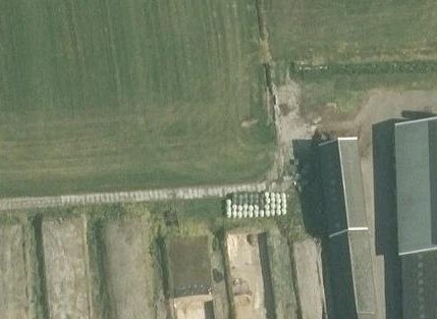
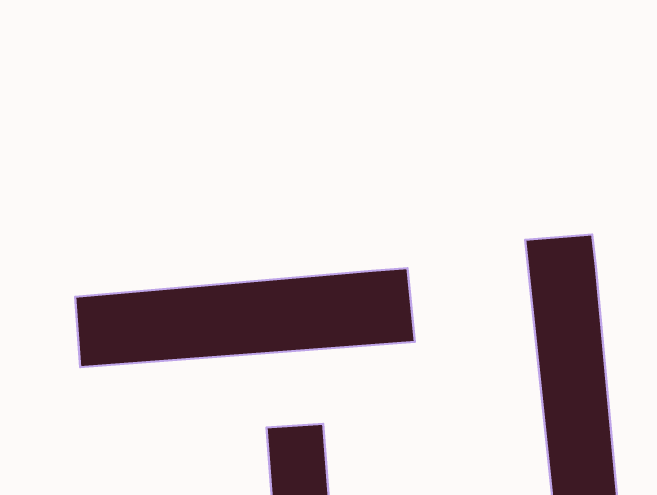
building: none -> [75,268,415,367]

